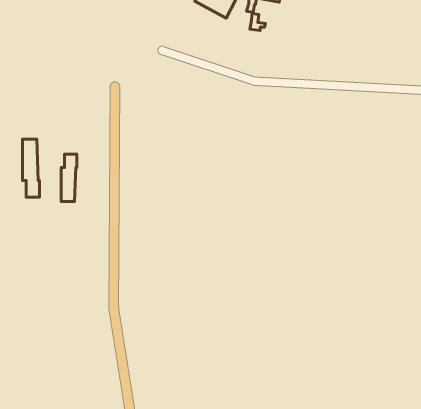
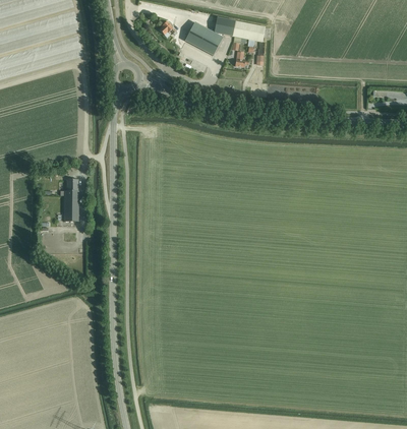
building: [22,139,39,197] -> none

